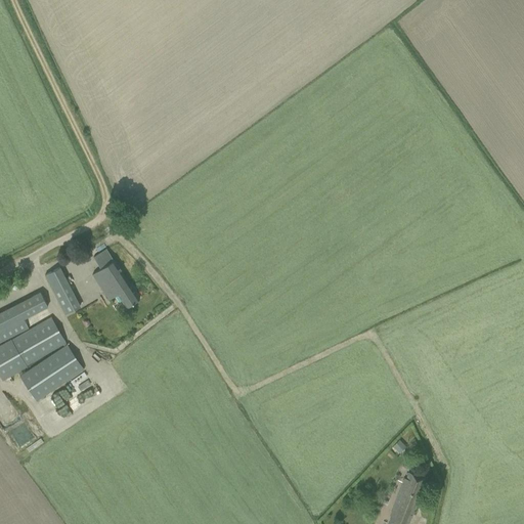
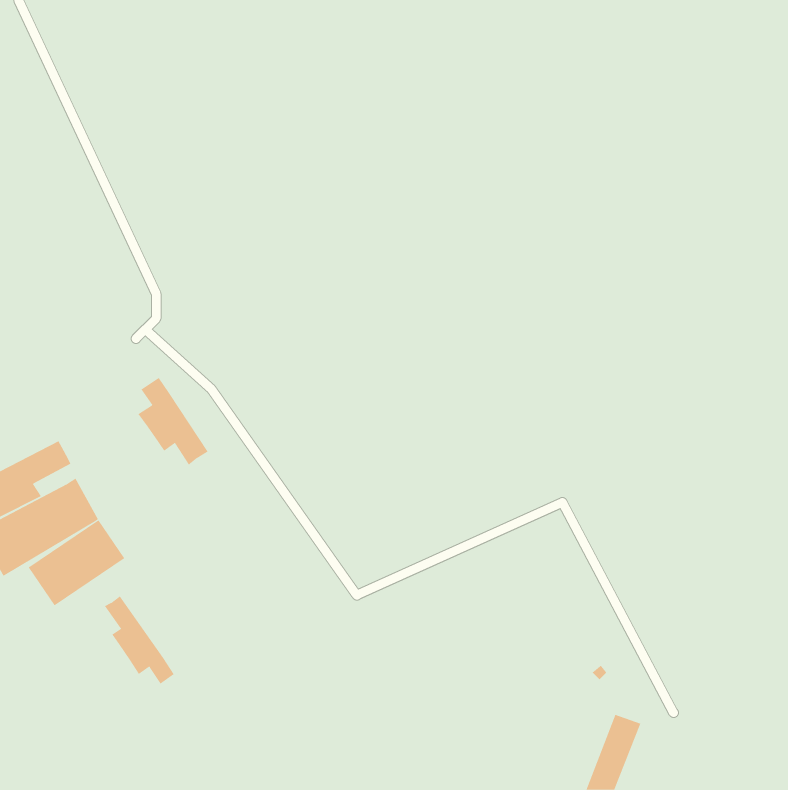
building: [44,267,80,315] -> none
building: none -> [104,595,175,684]

